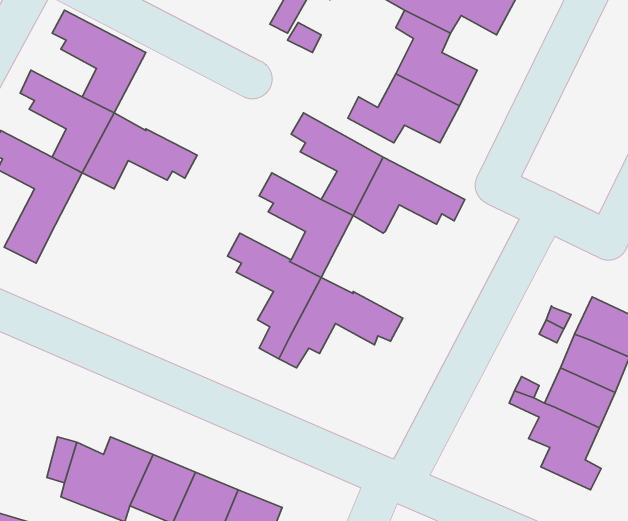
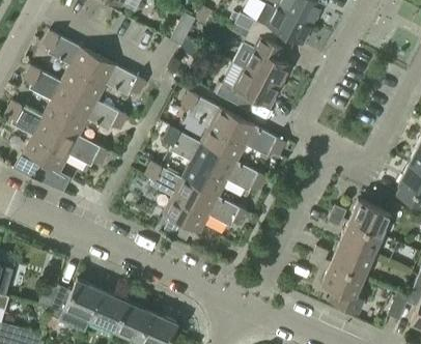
building: none -> [79,56,146,102]
building: none -> [33,126,109,192]
building: none -> [200,151,266,197]

